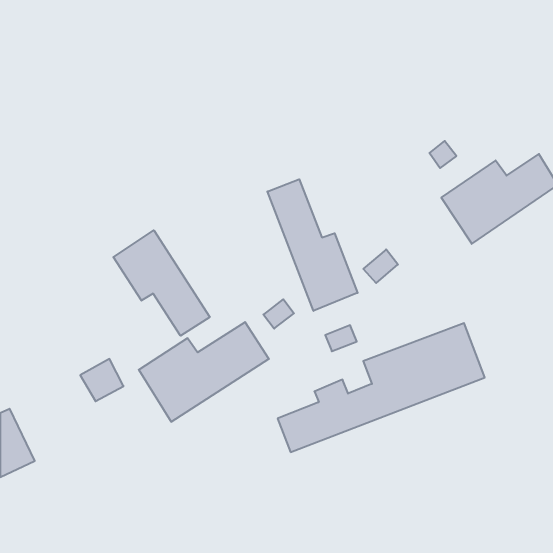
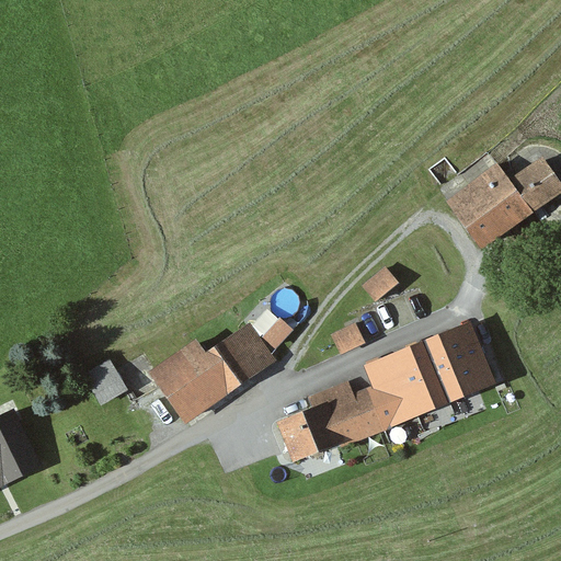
building: [267,179,358,311] -> none
building: [113,230,210,336] -> none

